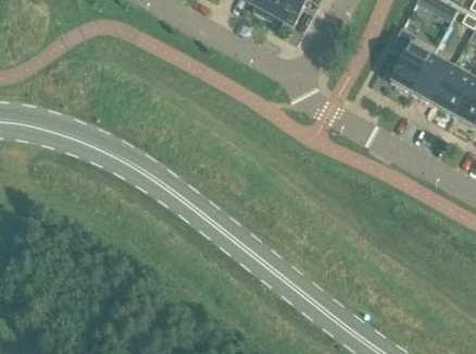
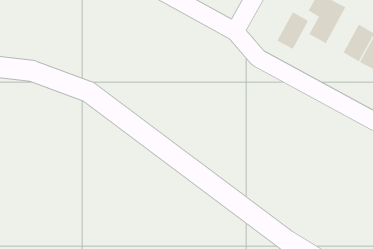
building: [412,44,452,100] -> [276,4,309,50]

